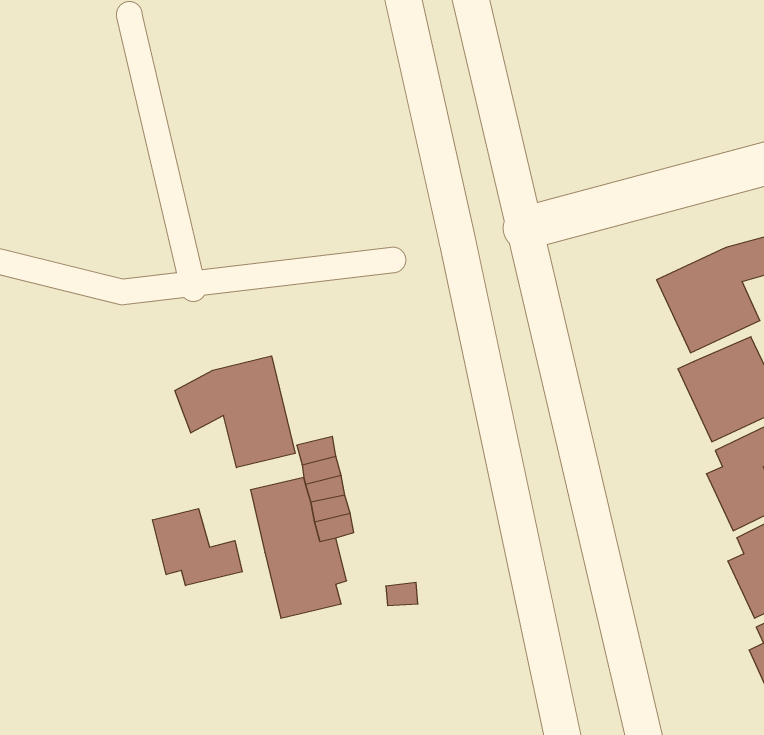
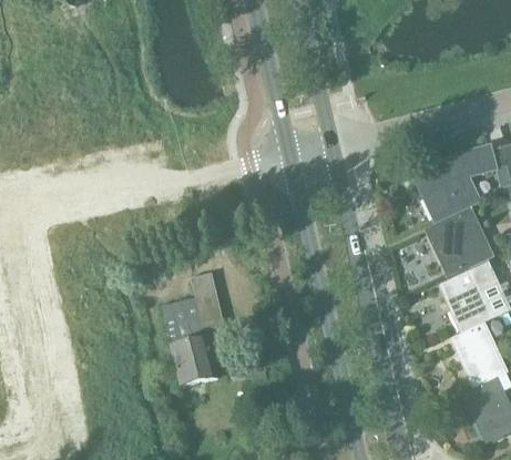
building: [175,356,295,468] -> none
building: [152,509,242,586] -> none

